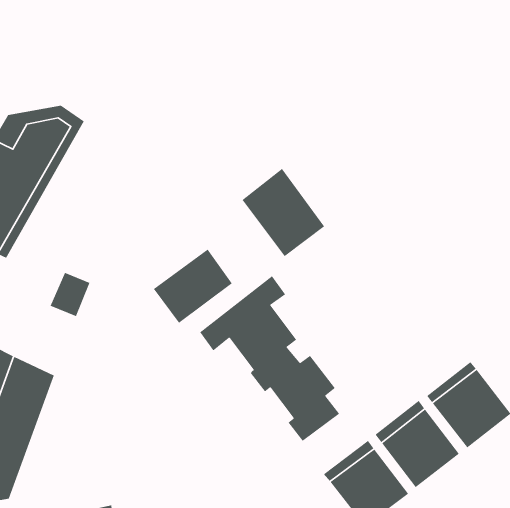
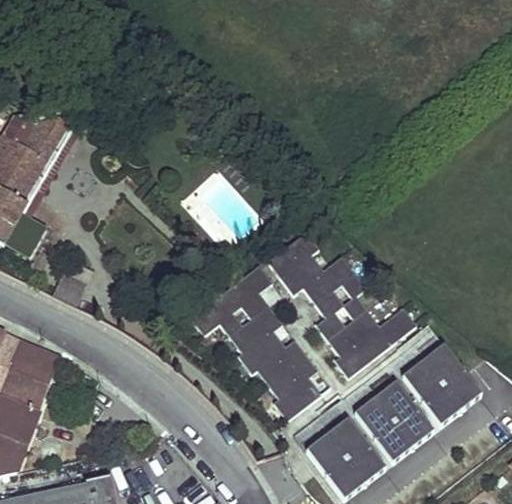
building: [241,168,325,257] -> none
building: none -> [267,233,416,378]
building: [153,249,233,324] -> none

